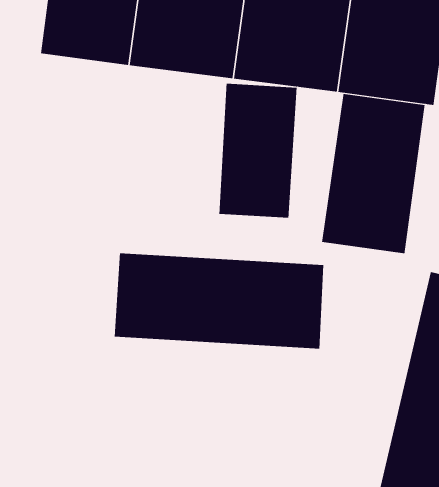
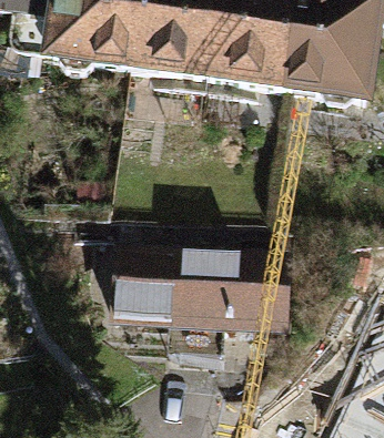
building: [219,83,297,219] -> none
building: [322,93,425,254] -> none

